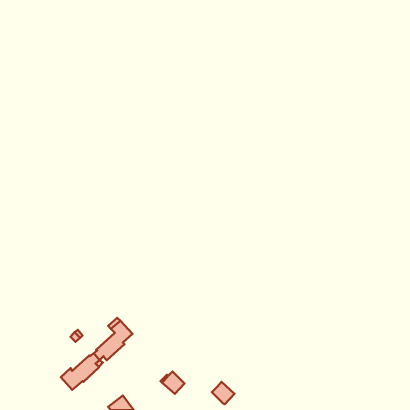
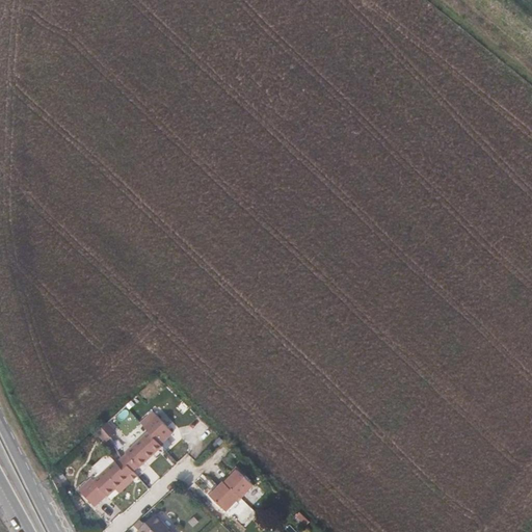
building: [212,382,234,404] -> [224,469,254,498]

